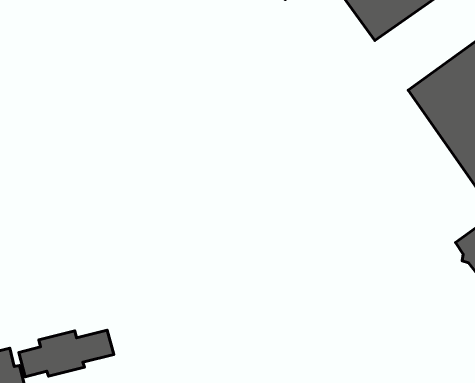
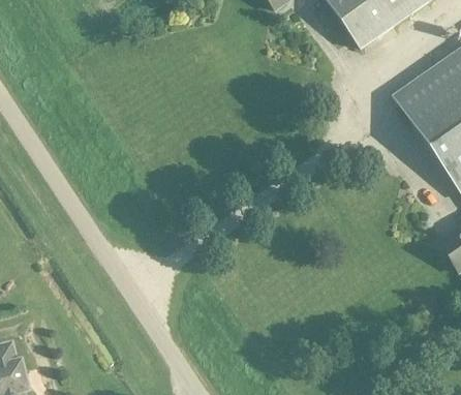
building: [19,330,114,377] -> none

